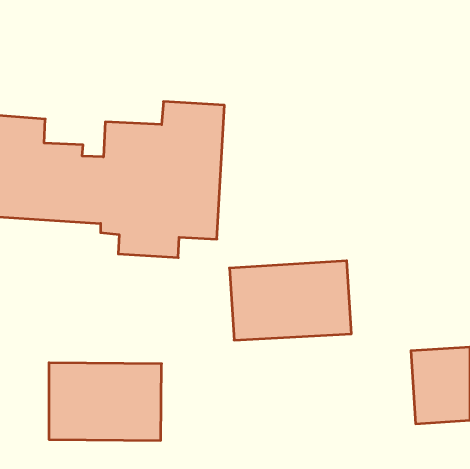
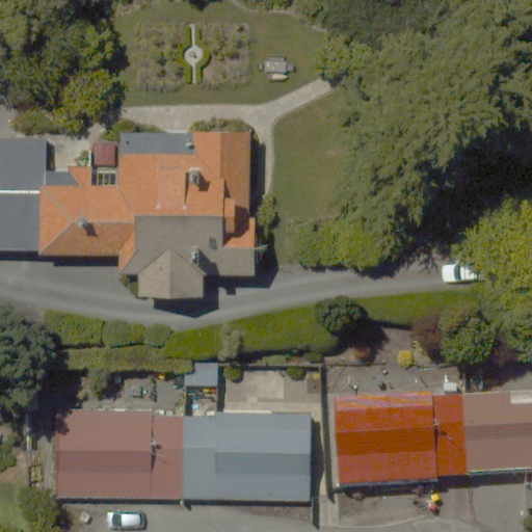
building: [229,261,351,340] -> [330,398,468,487]
building: none -> [181,413,311,500]

